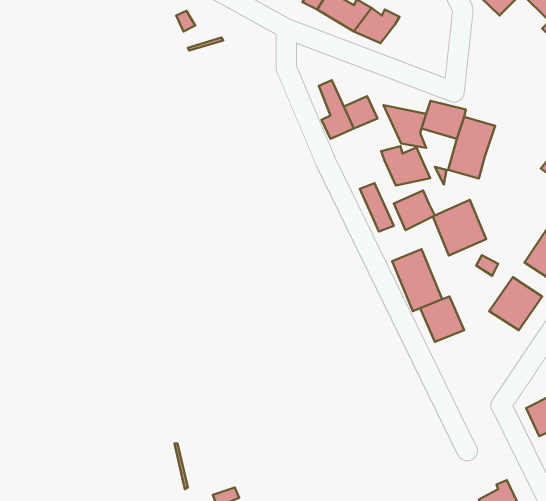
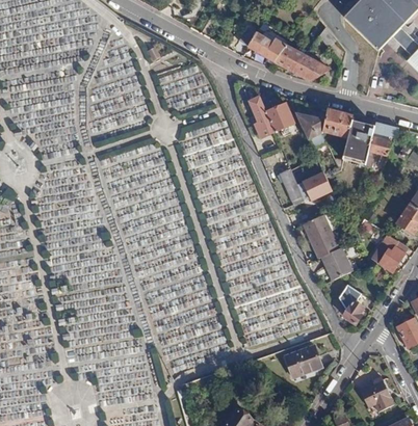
building: none -> [293,55,325,79]
building: none -> [367,122,398,154]
building: [381,146,430,186] -> none
building: [433,200,486,256] -> none
building: none -> [340,285,362,323]
building: none -> [285,345,321,377]

